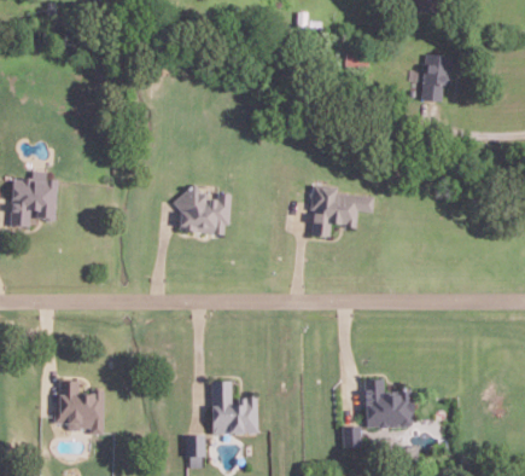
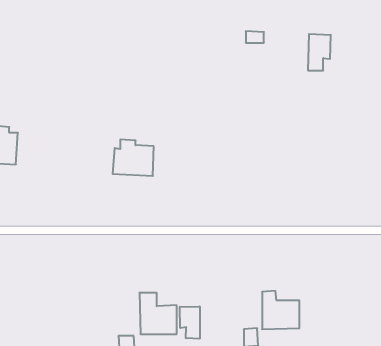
building: [309,184,373,237] -> none
building: [56,379,103,434] -> none
building: none -> [180,306,200,339]

